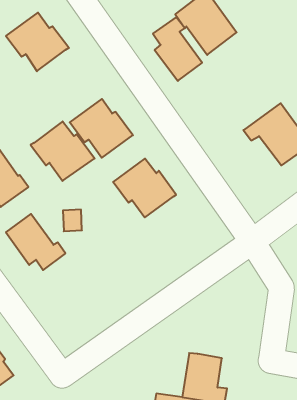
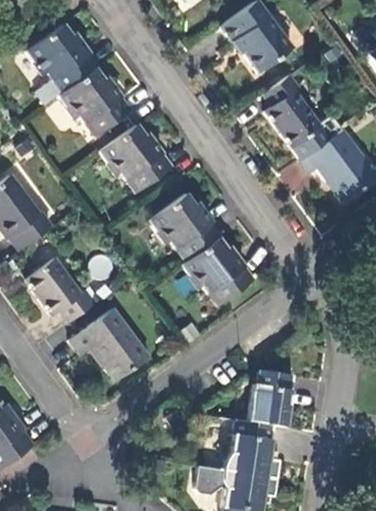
building: [153,17,202,81] -> [263,74,320,148]
building: [31,121,95,181] -> [57,67,131,136]
building: none -> [182,237,255,306]
building: none -> [70,308,149,381]
building: none -> [247,369,293,425]

